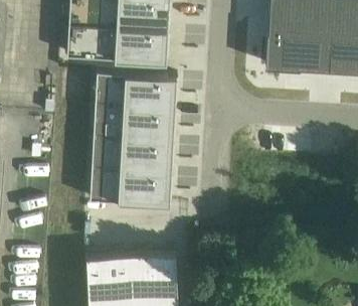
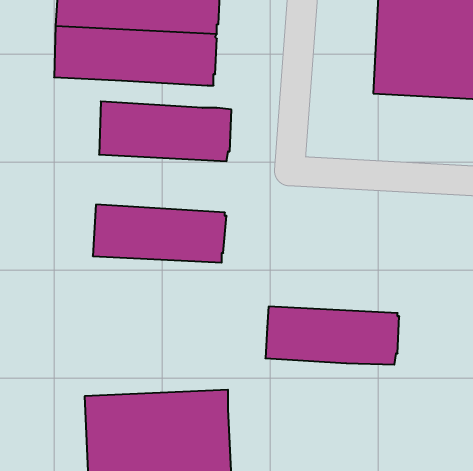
building: [93,107,175,143] -> none
building: [88,170,172,206] -> [265,307,399,365]

